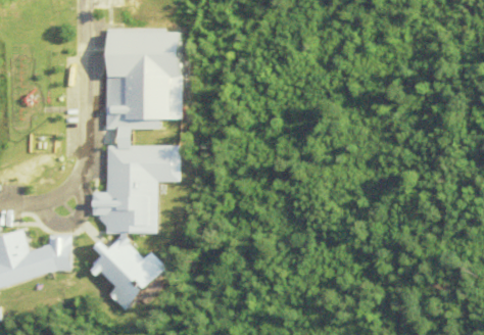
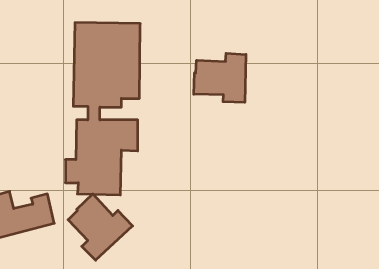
building: none -> [194,53,246,102]

